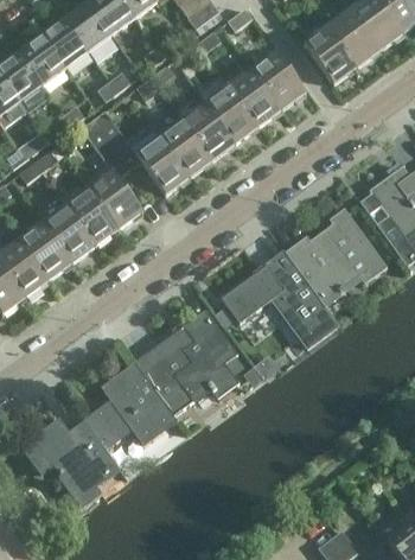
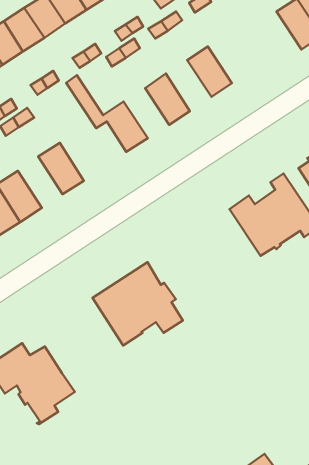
building: [302,25,357,83] -> none
building: [250,51,305,109] -> none
building: [204,85,257,144] -> none
building: [79,119,141,229] -> none
building: [158,120,211,177] -> none
building: [42,204,94,262] -> none
building: [222,253,338,345] -> none
building: [83,362,177,450] -> none

